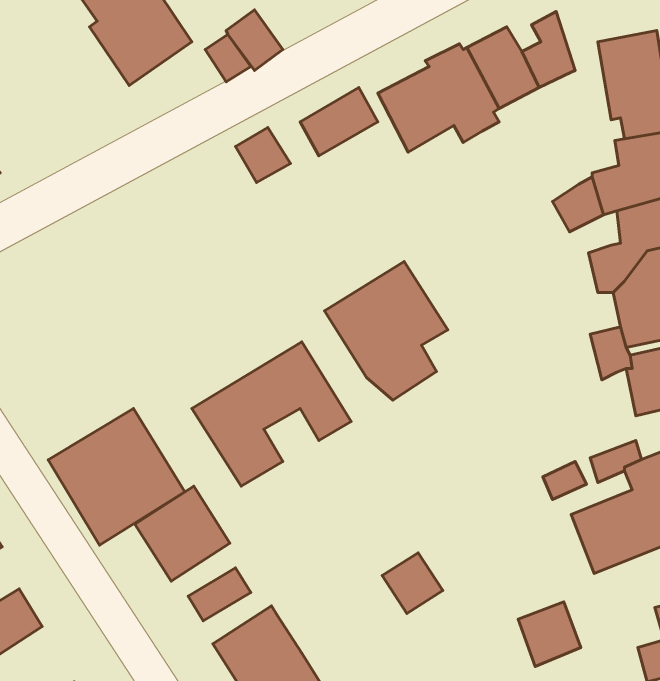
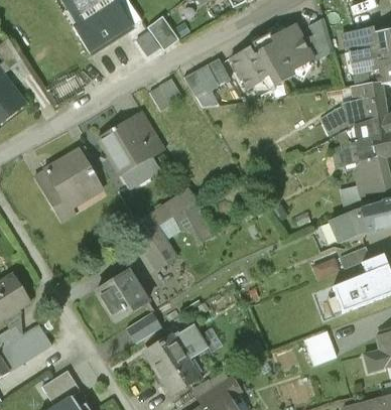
building: [325,262,448,400] -> [101,116,166,189]
building: none -> [329,207,365,241]
building: [48,408,185,545] -> [33,151,106,224]
building: [382,553,443,613] -> [174,325,207,358]

